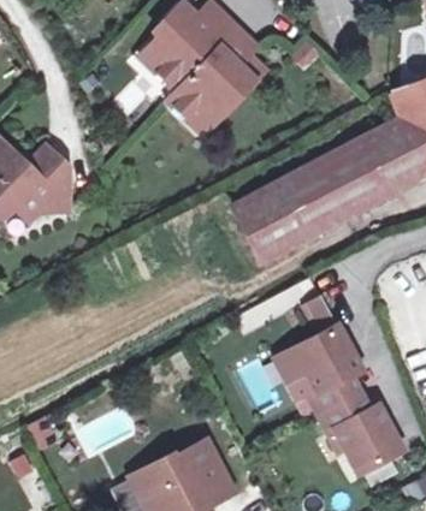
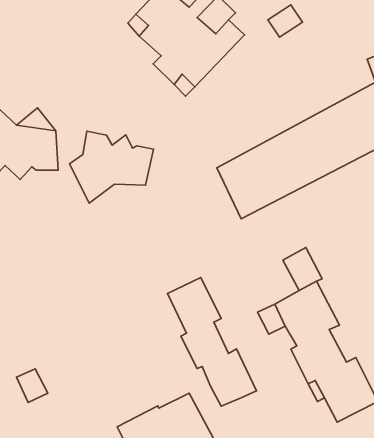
building: none -> [69,131,154,203]
building: none -> [167,277,256,406]

